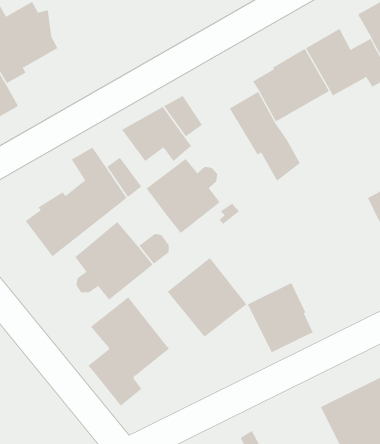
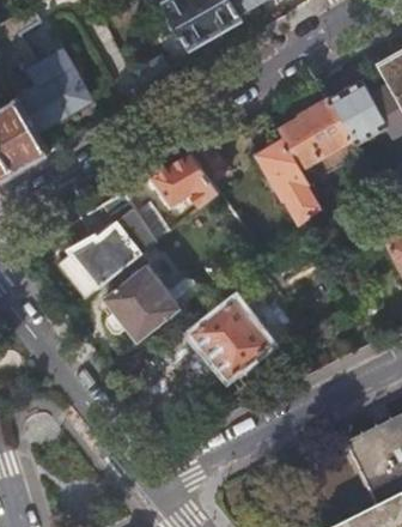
building: [146,158,221,234] -> none
building: [247,282,314,353] -> none
building: [87,296,170,407] -> none

